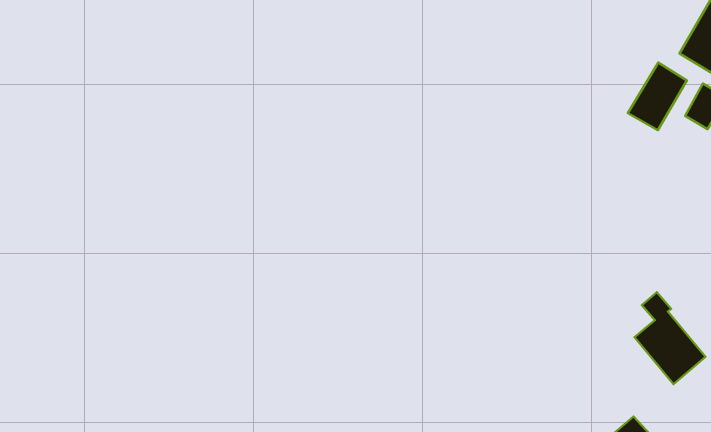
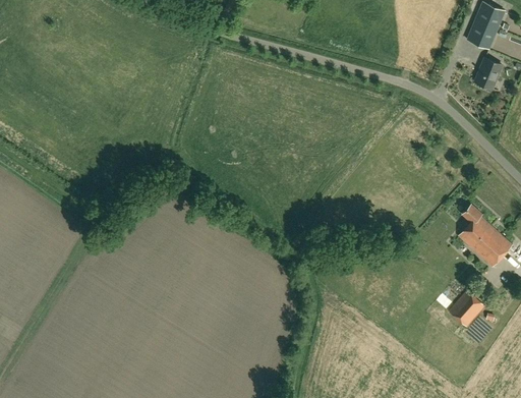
building: [628,63,687,130] -> none

